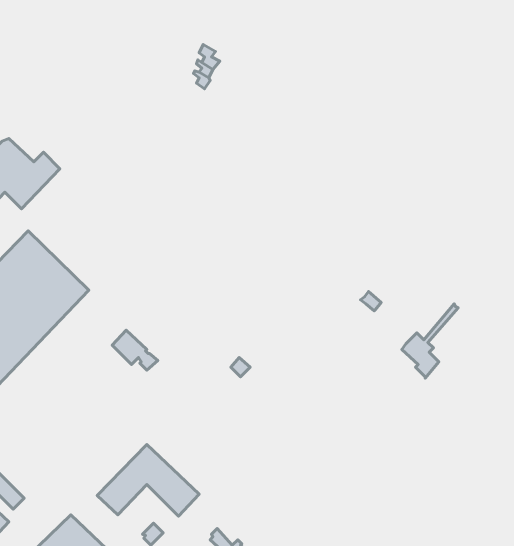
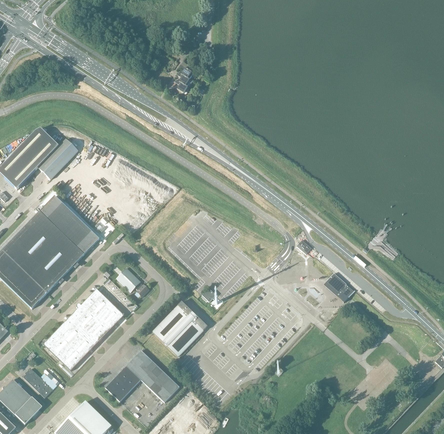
building: none -> [43,288,124,370]
building: none -> [153,301,207,356]

